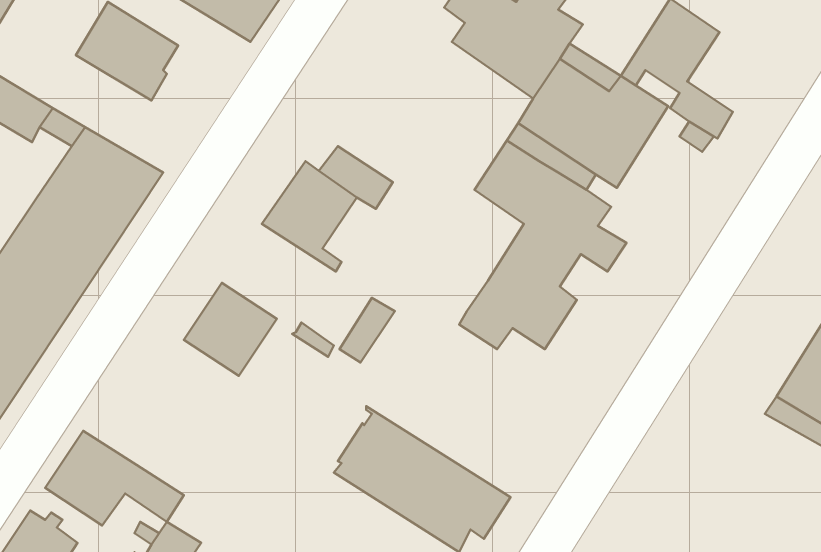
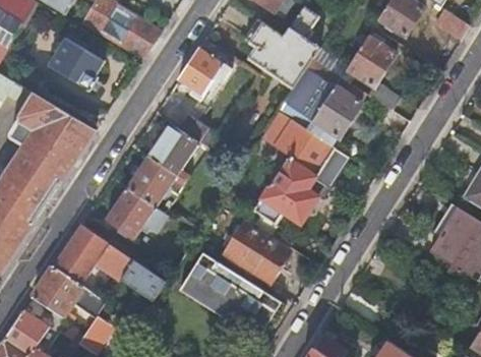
building: none -> [177,48,223,101]
building: none -> [126,156,187,206]
building: none -> [52,224,109,285]
building: none -> [225,224,288,282]
building: none -> [121,259,167,301]

